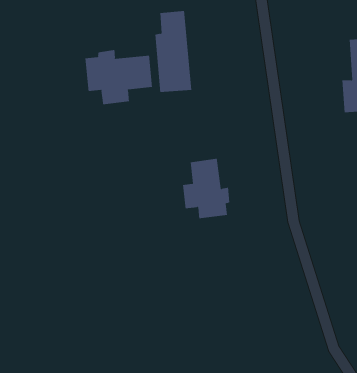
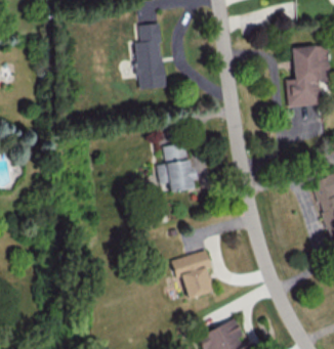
building: [85,49,152,105] -> none
building: none -> [171,251,213,299]

